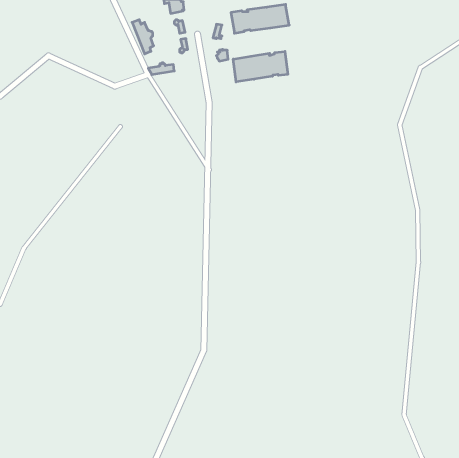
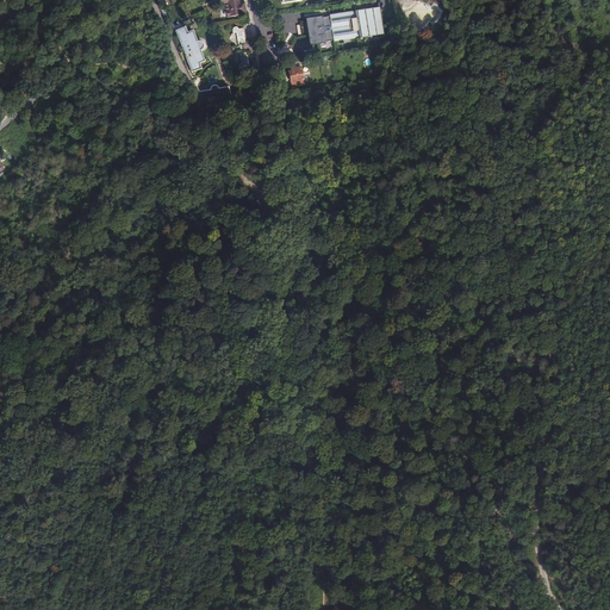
building: [233,51,288,82] -> none

